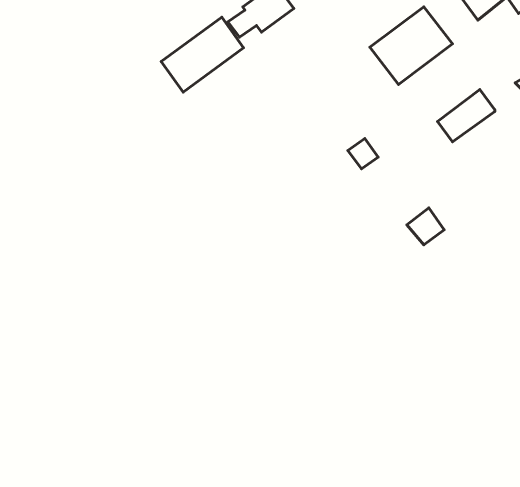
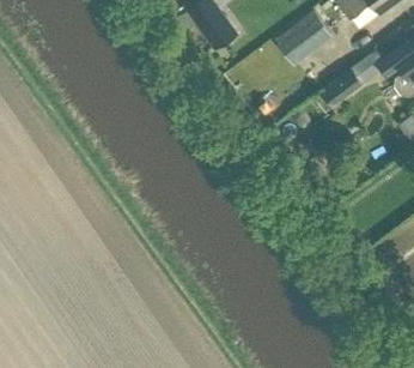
building: [161,17,243,92] -> none

